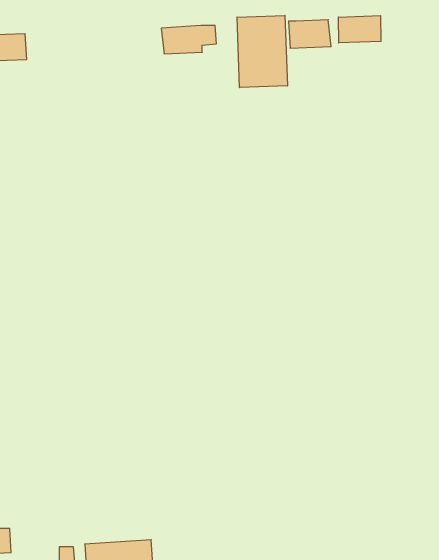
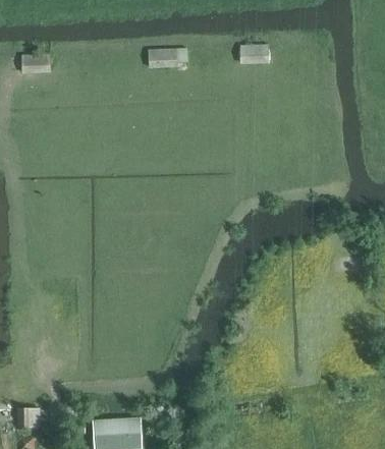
building: [237,15,287,88] -> none
building: [338,16,381,43] -> none

